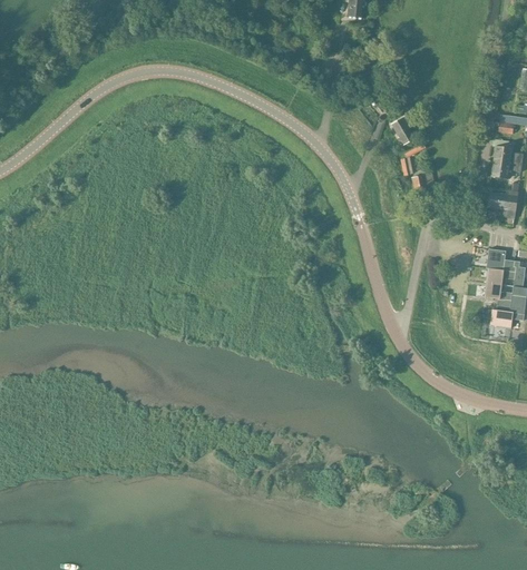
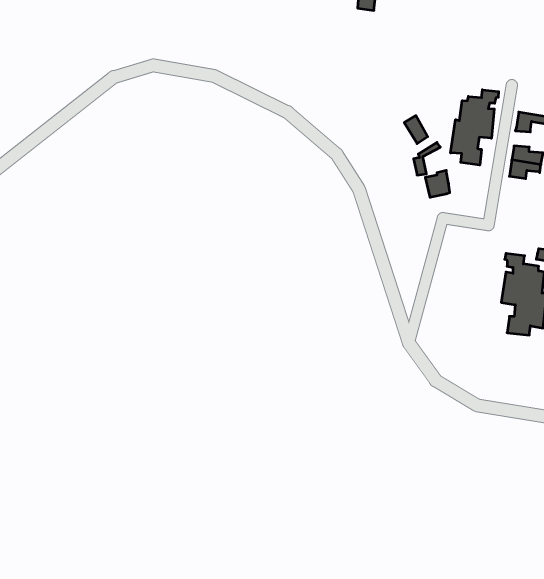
building: none -> [451,90,499,165]
building: [487,183,518,226] -> none

